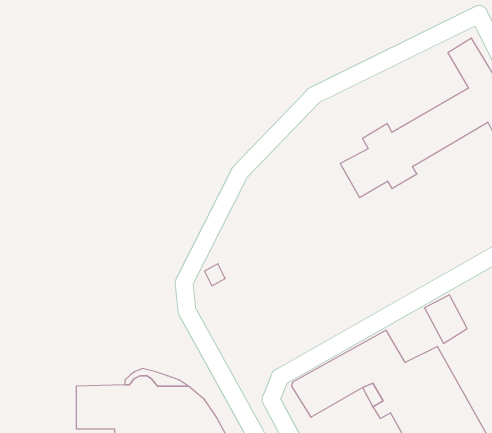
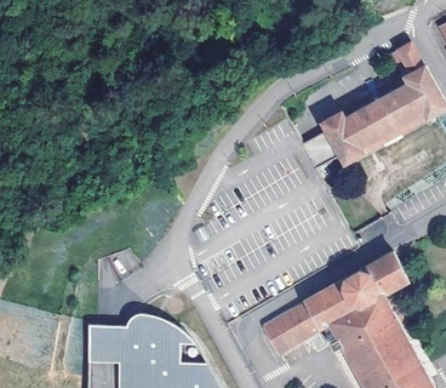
building: none -> [341,263,388,308]

